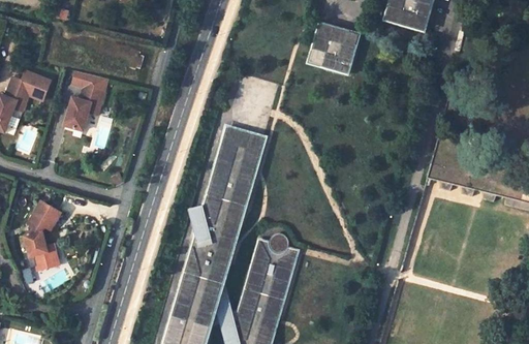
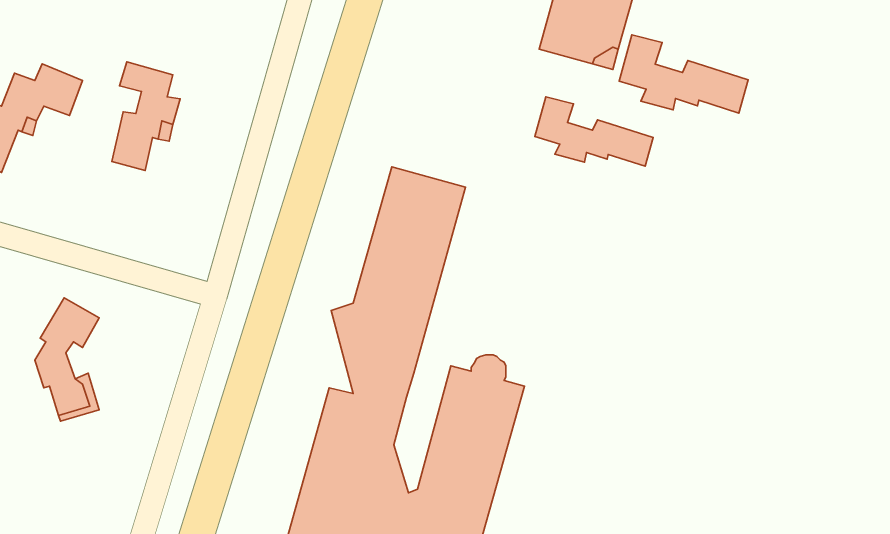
building: none -> [619,35,748,113]
building: none -> [535,97,653,166]

